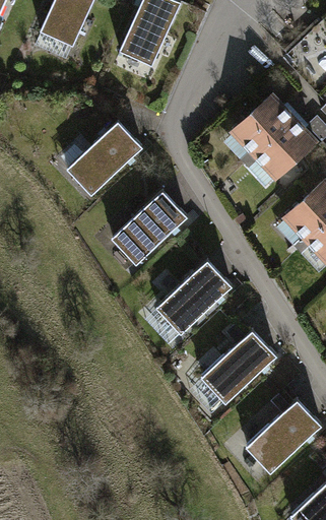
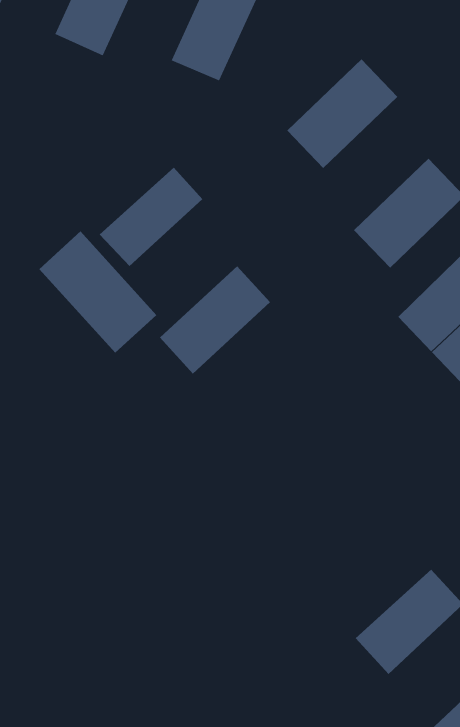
building: [219,90,297,167] -> [286,58,398,169]
building: none -> [38,231,157,354]
building: [155,260,232,333] -> none
building: [201,329,278,404] -> none

